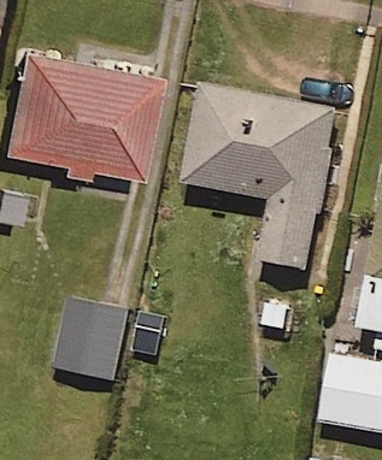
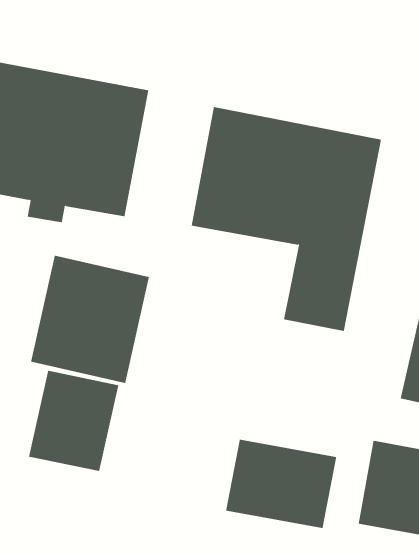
building: none -> [30,255,150,384]
building: none -> [226,439,337,529]

